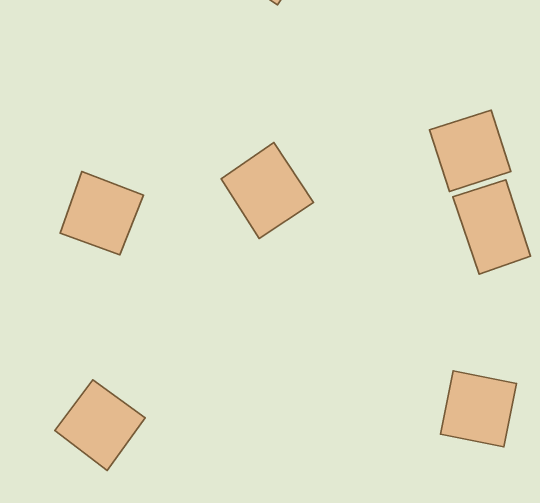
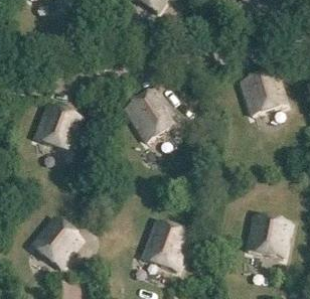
building: [453,180,530,274] -> none
building: none -> [143,220,190,270]

